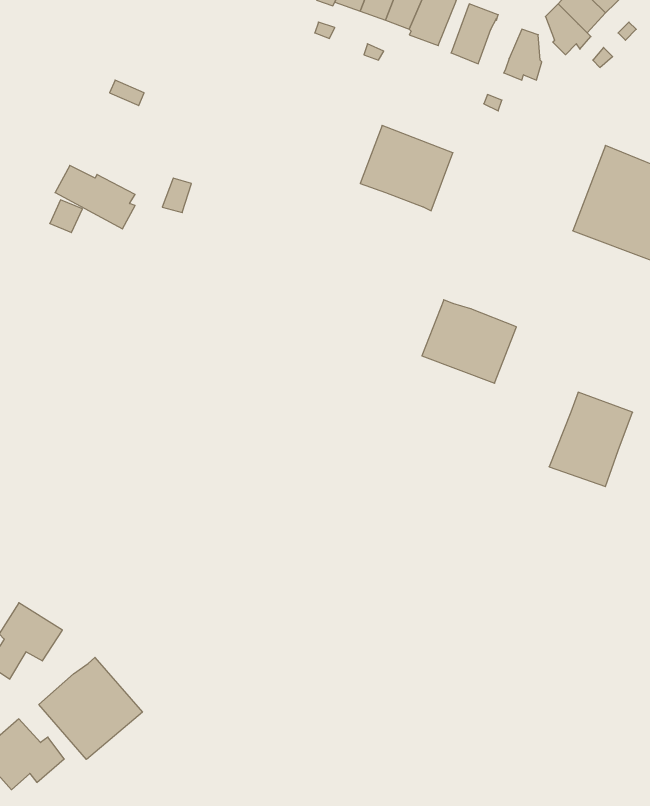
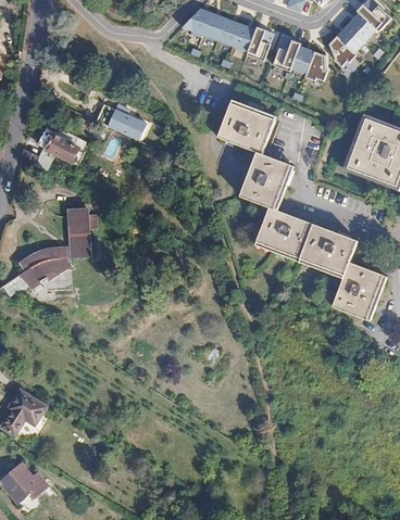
building: none -> [292,41,317,72]
building: none -> [96,104,148,141]
building: none -> [242,154,292,212]
building: none -> [14,205,88,288]
building: none -> [301,226,359,277]
building: [39,657,142,759] -> none

